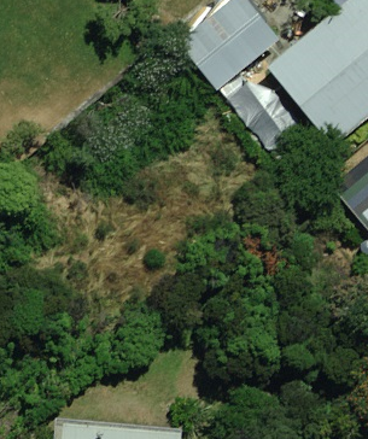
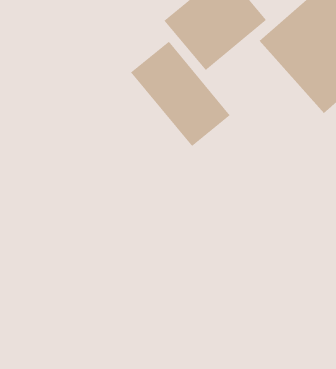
building: none -> [130,41,231,147]

